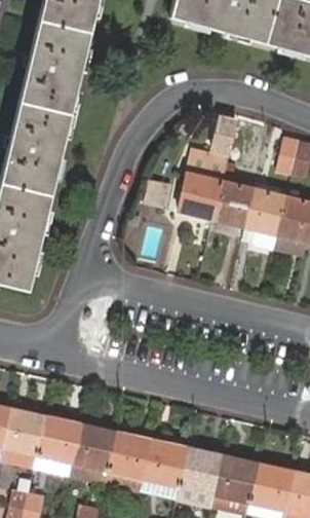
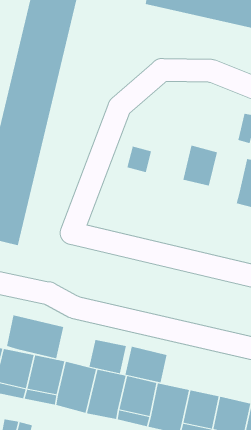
building: [178,115,235,216] -> none
building: [244,184,286,231] -> none
building: none -> [6,315,64,359]
building: none -> [89,339,127,374]
building: none -> [125,346,167,383]

